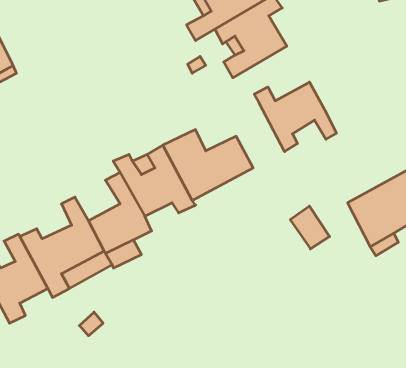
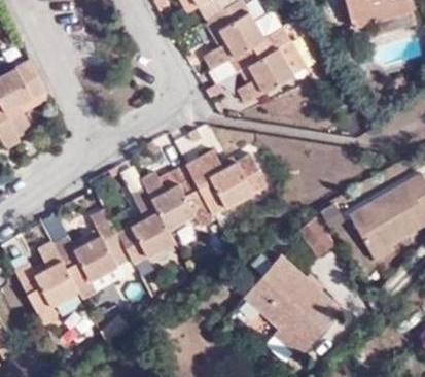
building: [254,82,336,152] -> none
building: none -> [244,255,343,361]

